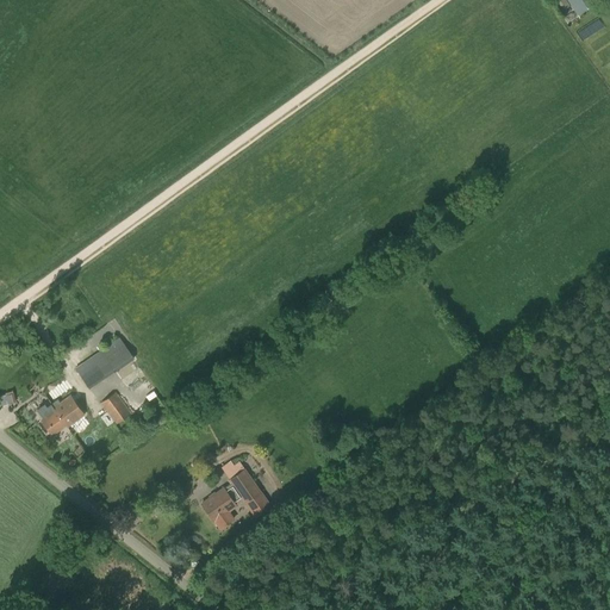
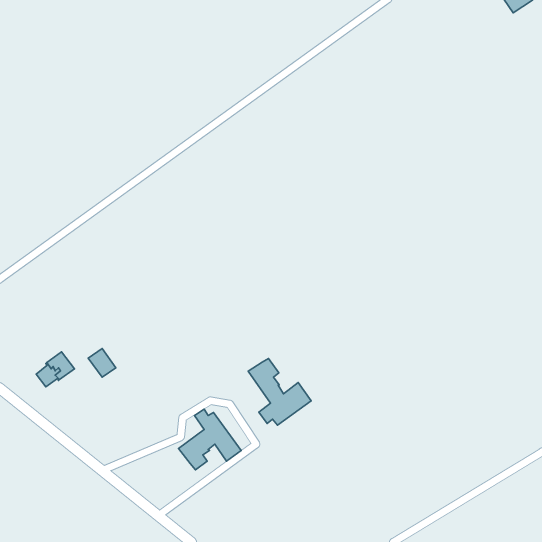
building: [79,338,148,392] -> none
building: none -> [248,359,311,425]

